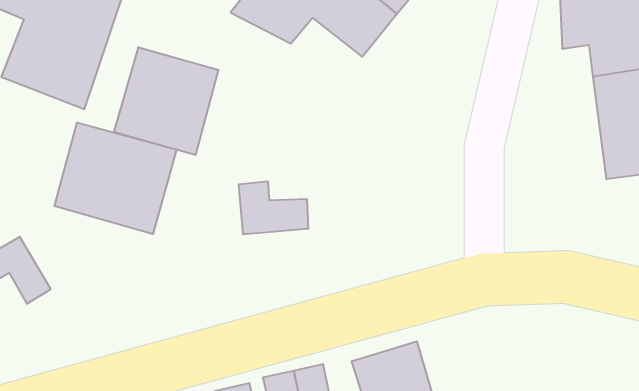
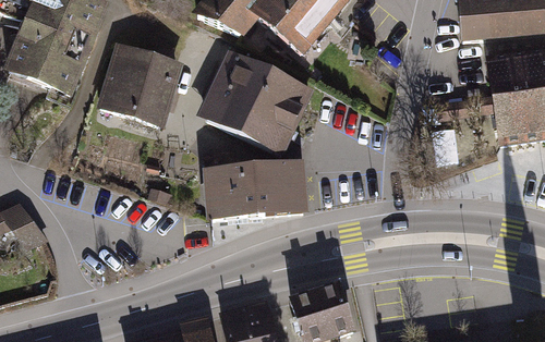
building: none -> [203,50,316,151]
building: [54,122,176,234] -> none
building: none -> [202,163,303,219]

